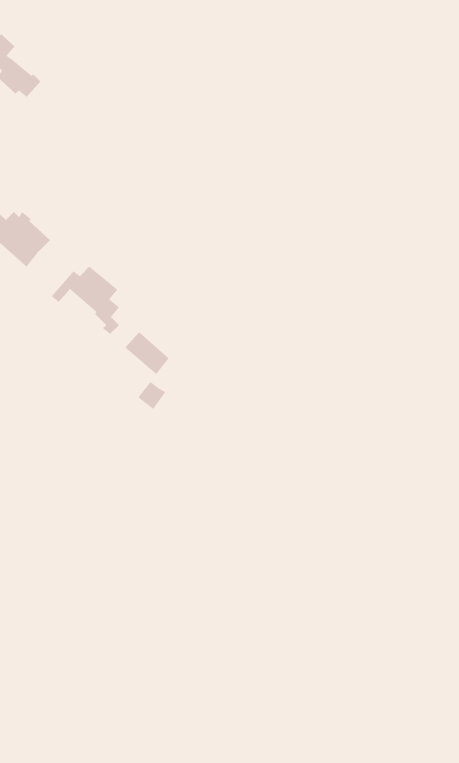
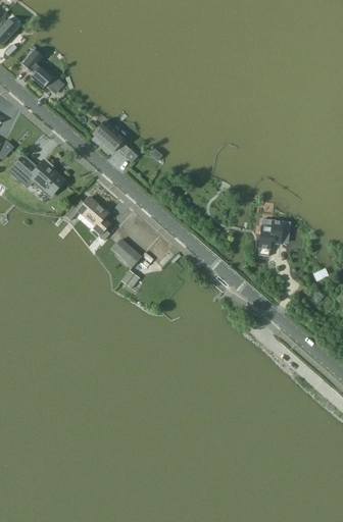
building: none -> [94,120,132,155]
building: none -> [259,219,283,255]

